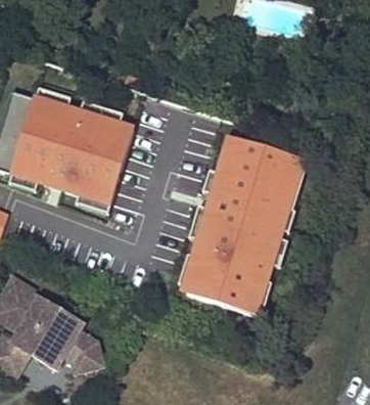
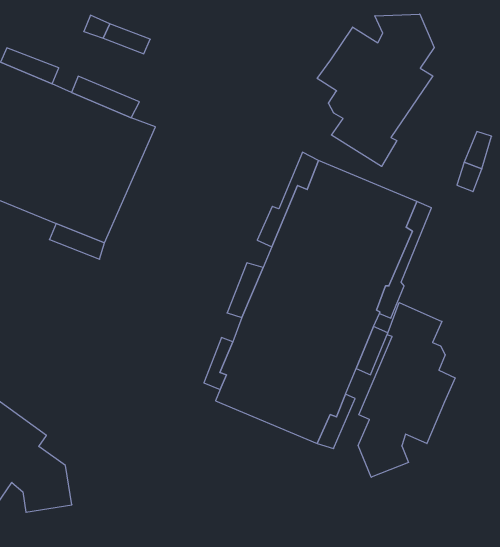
building: none -> [317,14,434,166]
building: none -> [358,303,455,477]

